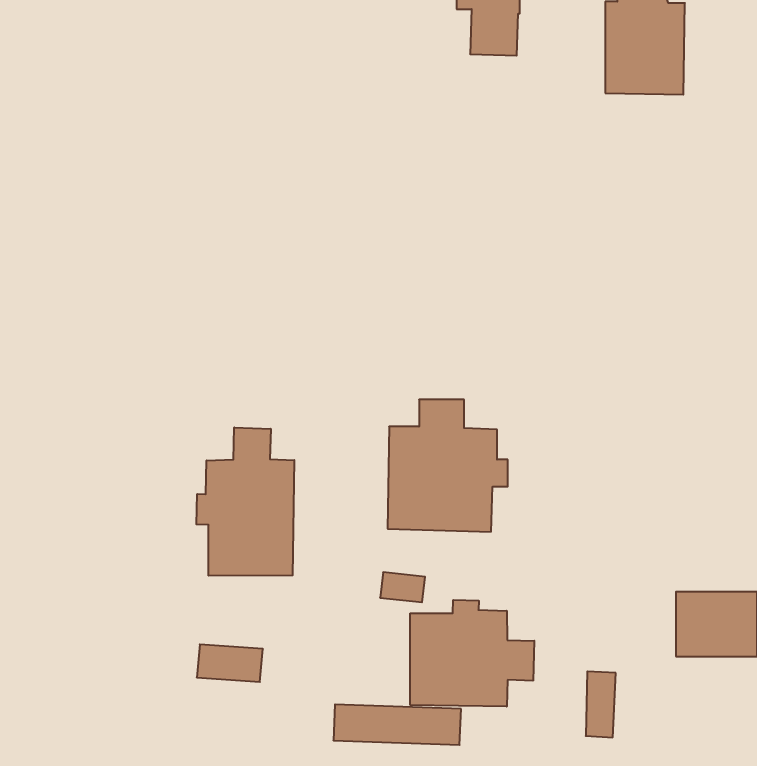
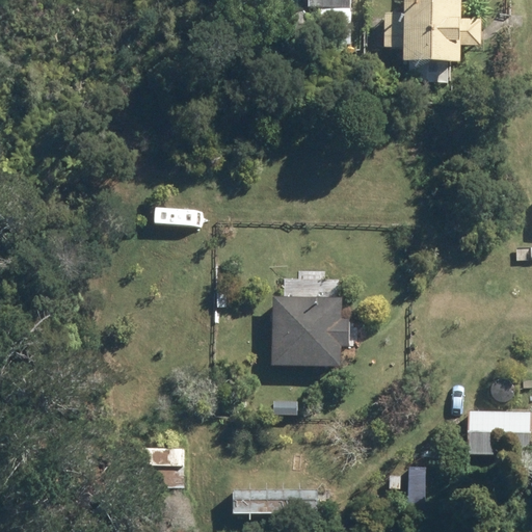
building: [196,427,294,576] -> none
building: [410,600,534,707] -> none

